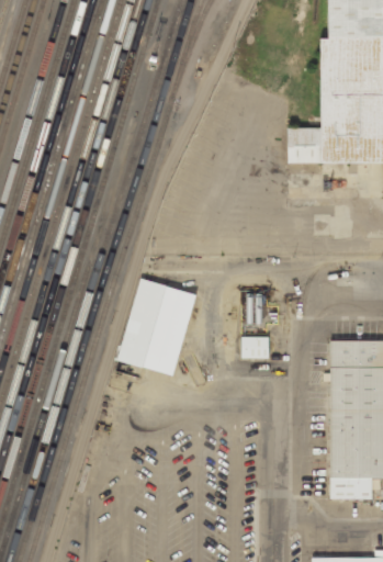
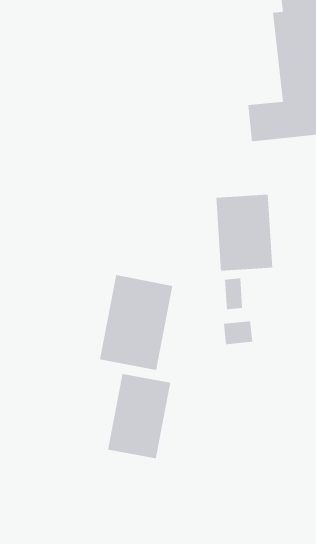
building: none -> [216,194,273,271]
building: none -> [107,373,171,459]

